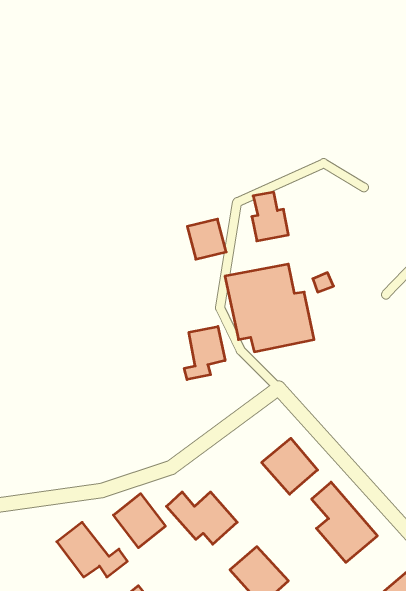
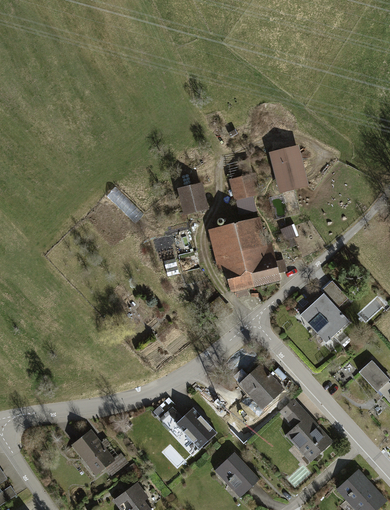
building: none -> [270,144,308,191]
building: [184,326,225,380] -> none
building: none -> [301,280,351,342]
building: [113,494,165,548] -> none

